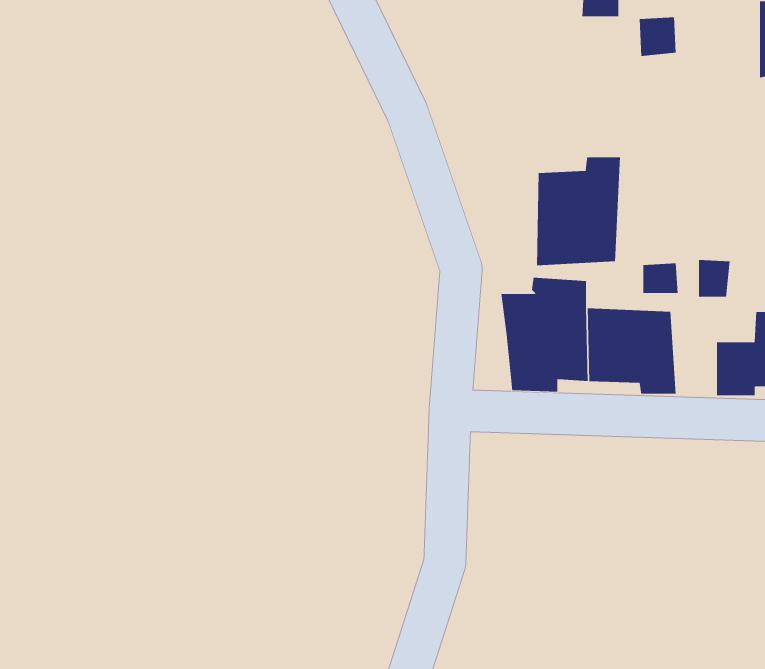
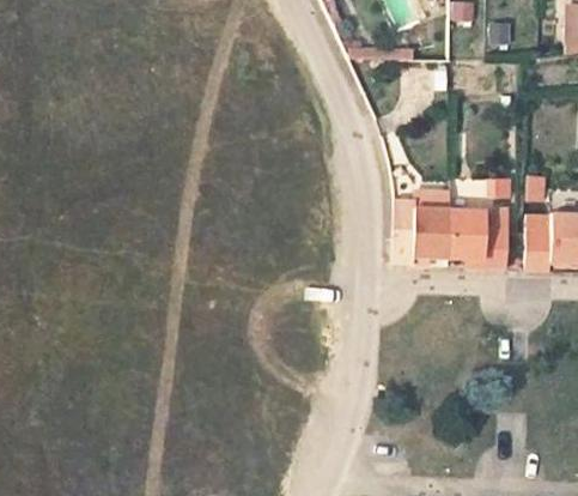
building: [536,156,621,266] -> none

